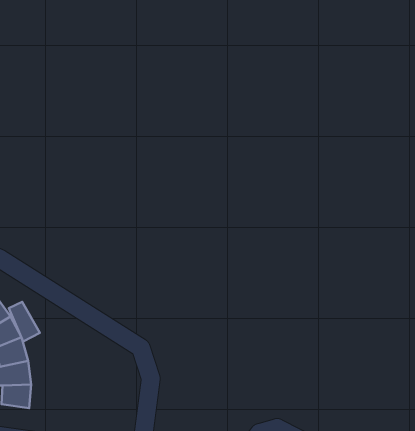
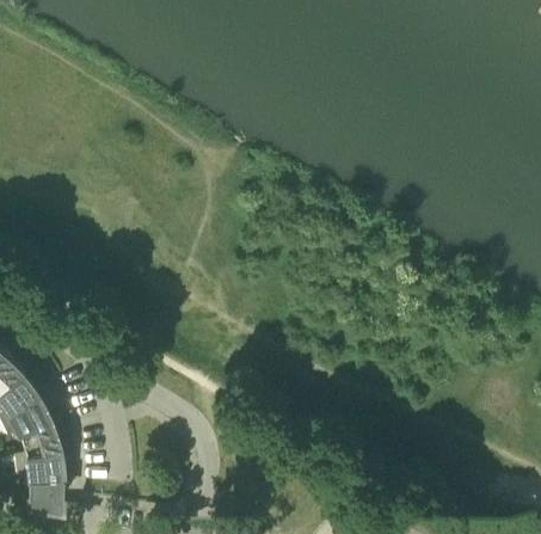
building: [9,302,40,341] -> none

